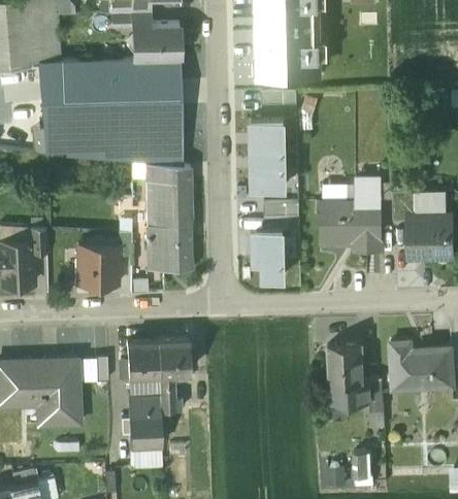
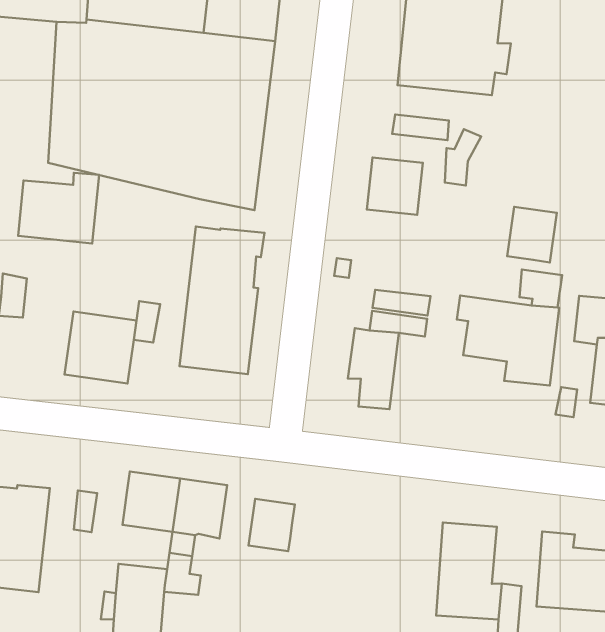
building: none -> [507,207,557,262]
building: [252,156,285,190] -> none
building: none -> [18,173,99,244]
building: [146,165,191,182] -> none
building: none -> [249,499,295,551]

